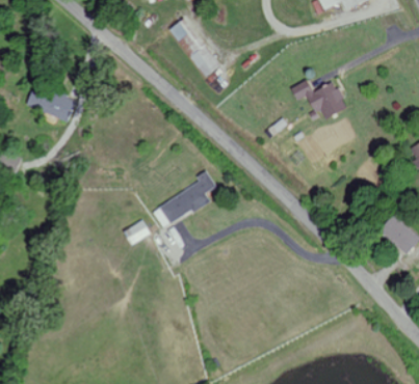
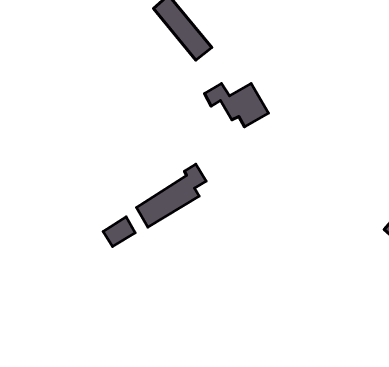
building: [290,80,348,119] -> [204,83,268,127]
building: [44,89,77,121] -> none

